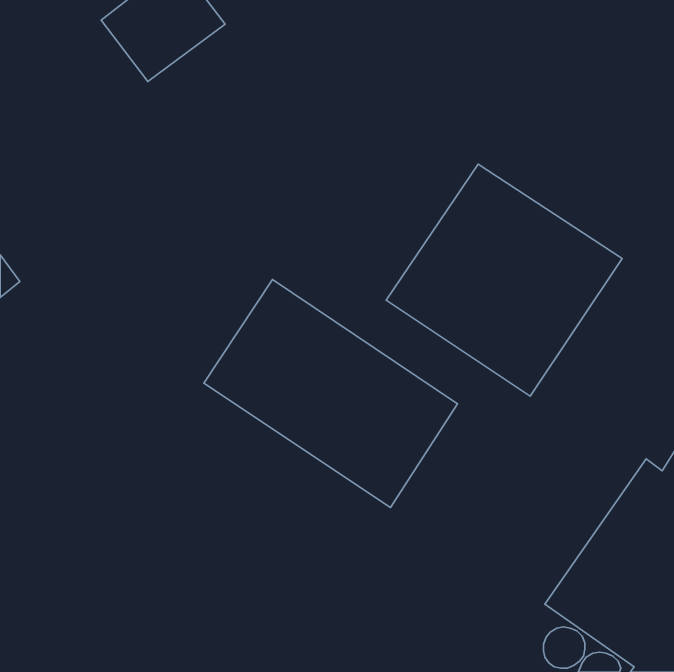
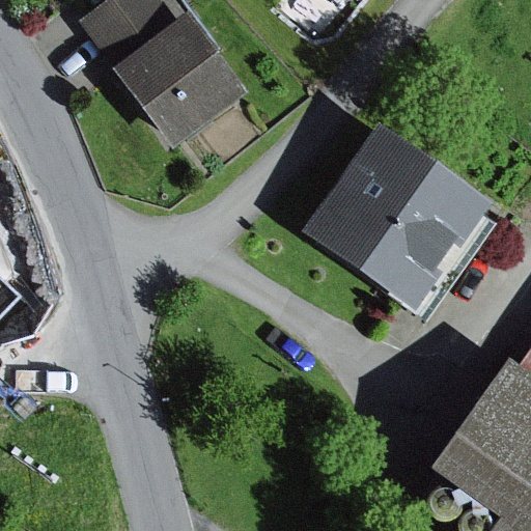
building: none -> [116,13,247,146]
building: [204,279,458,507] -> none

